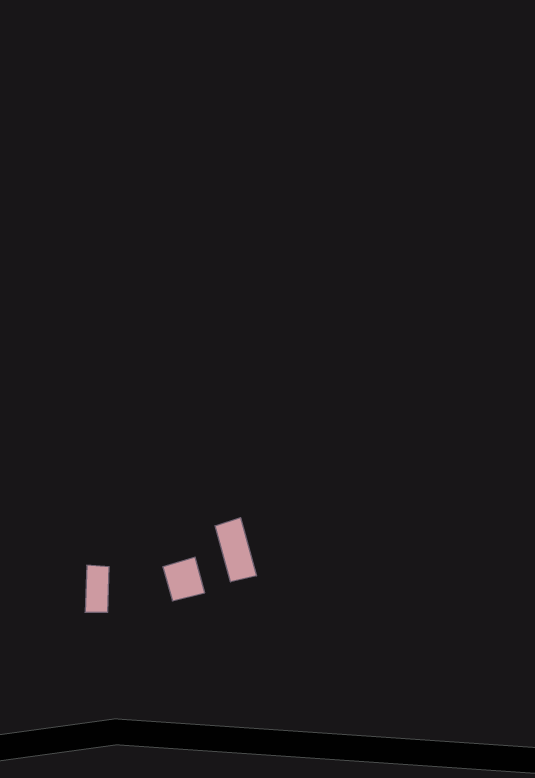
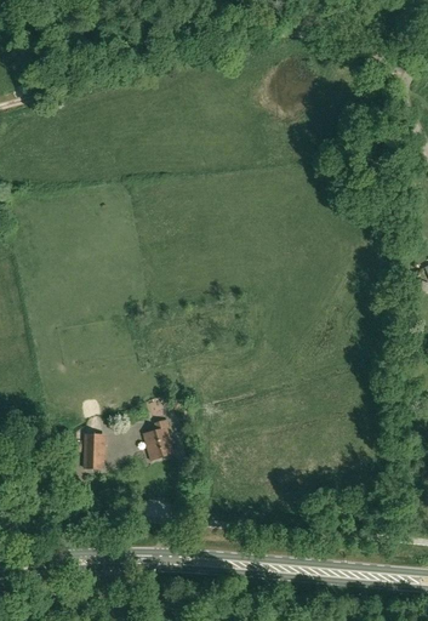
building: [215,518,256,582] -> none

